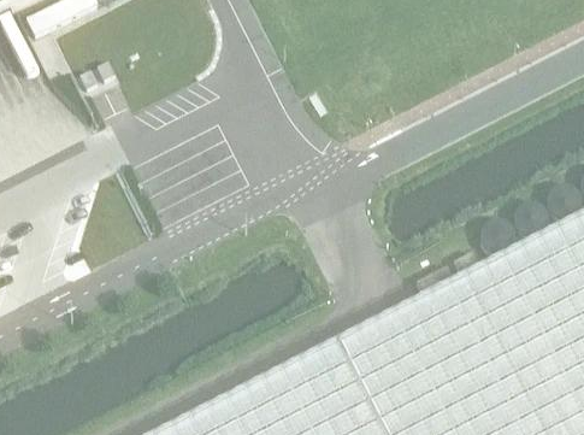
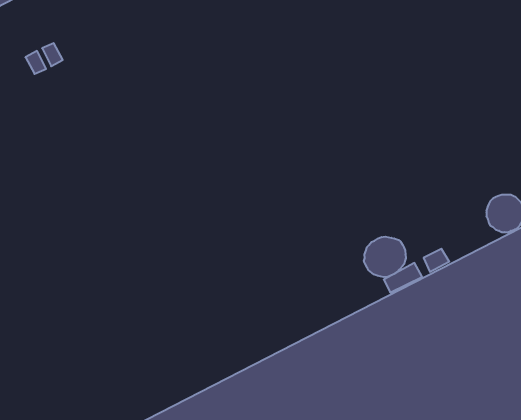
building: [480,224,515,260] -> none
building: none -> [364,237,406,277]

